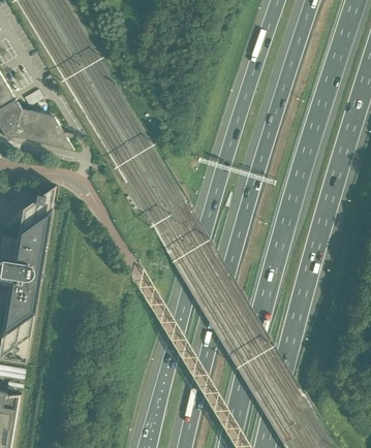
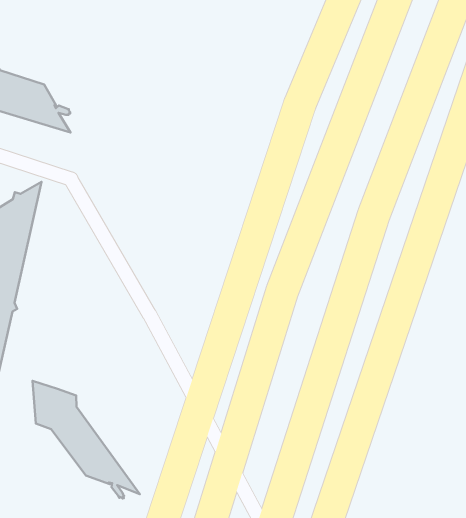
building: none -> [33,381,140,498]

